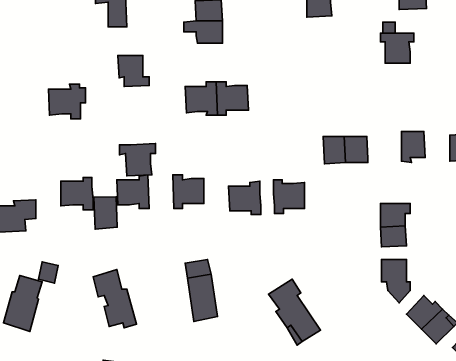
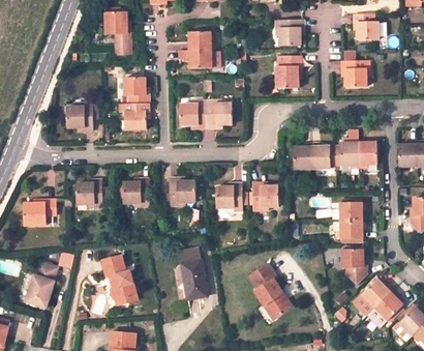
building: none -> [276,55,302,88]
building: none -> [340,142,359,168]
building: [119,144,155,176] -> [119,104,149,130]
building: [94,197,117,229] -> none

